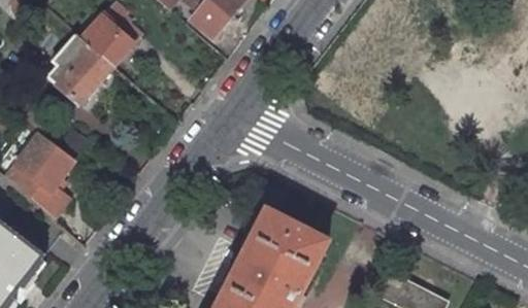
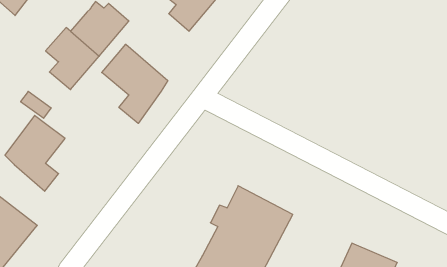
building: none -> [102,44,168,123]

